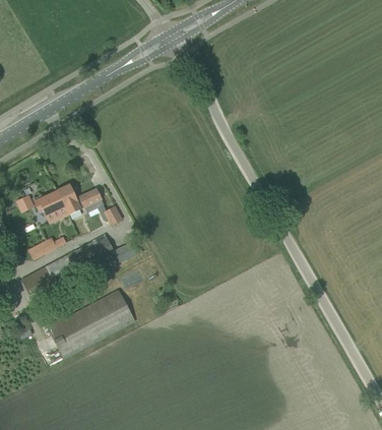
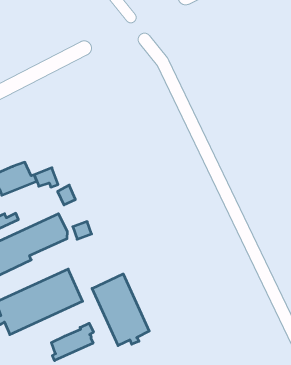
building: none -> [92,274,149,346]
building: none -> [51,323,93,361]

